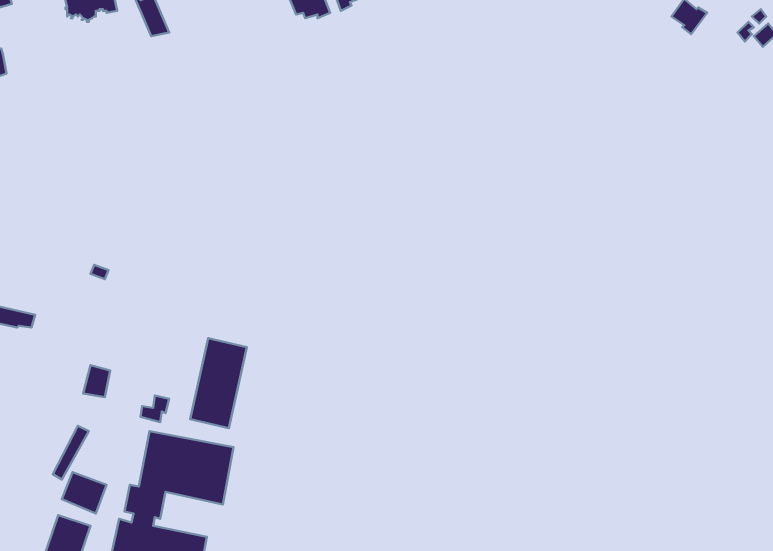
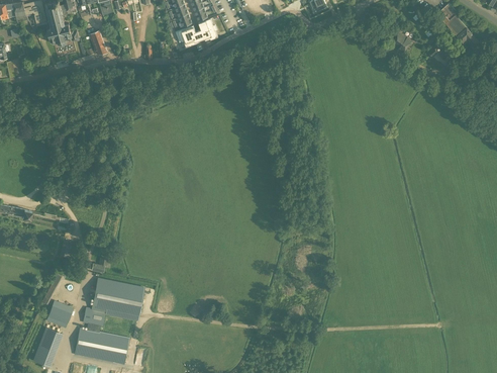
building: [190,338,247,428] -> none

